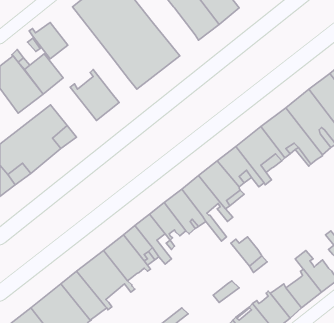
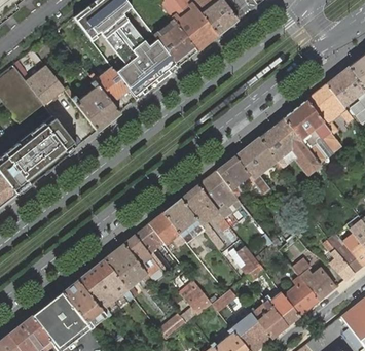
building: none -> [153,20,194,62]
building: [29,22,68,59] -> [90,67,129,103]
building: none -> [182,281,212,314]

